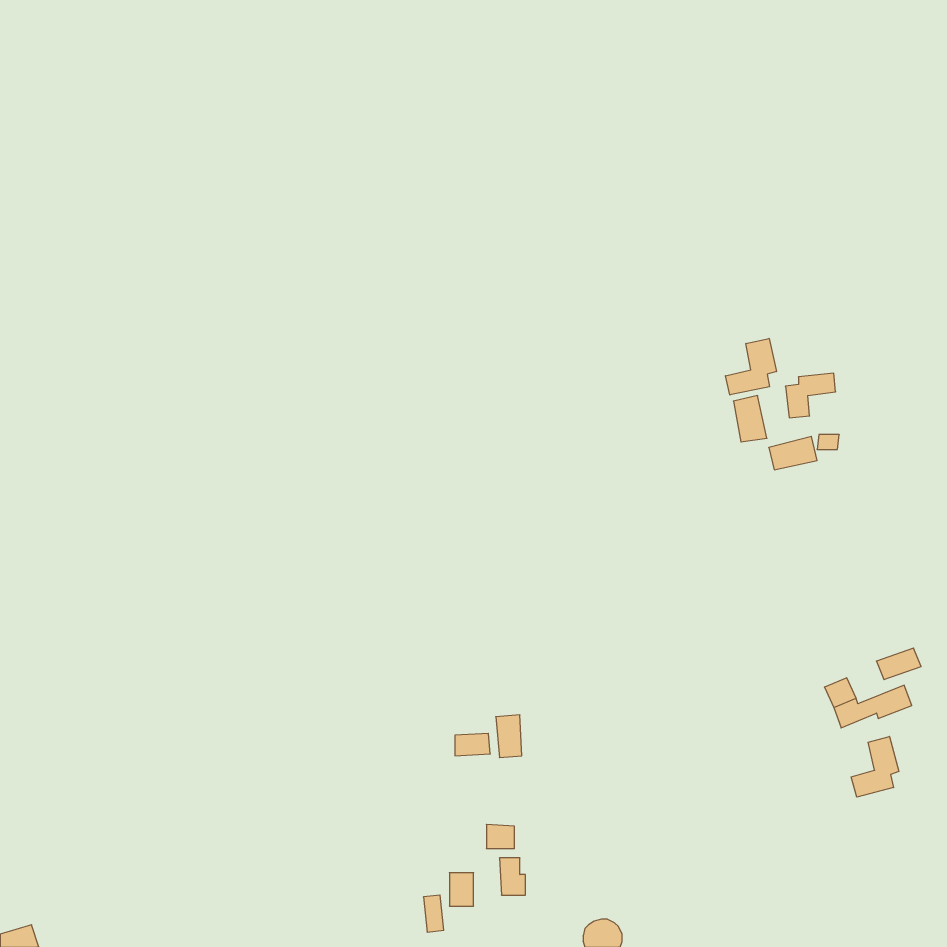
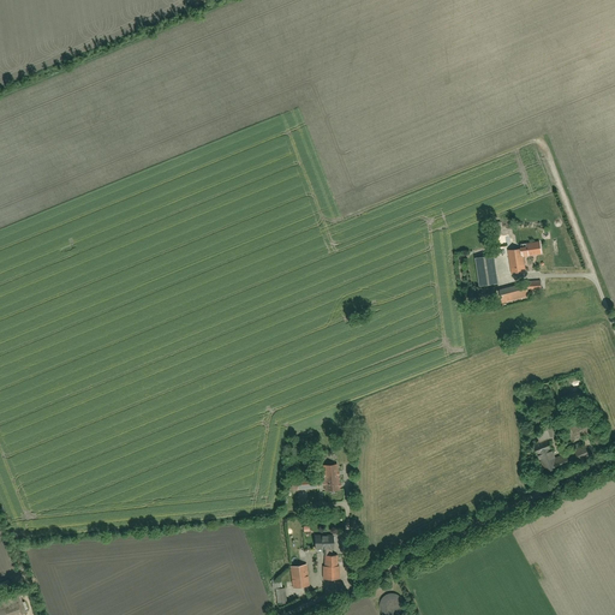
building: [725,338,776,395] -> none
building: [851,736,899,797] -> none

